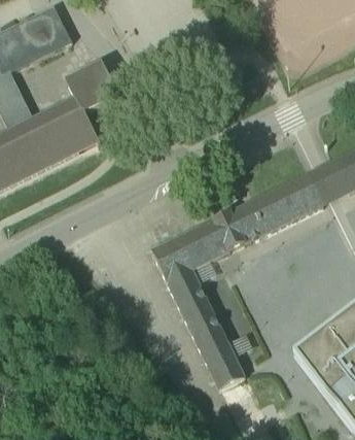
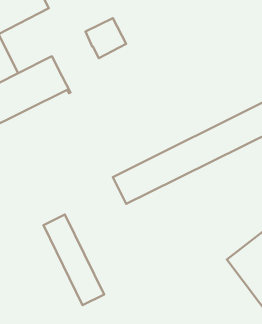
building: [67,65,117,114] -> [85,18,126,58]
building: [168,269,243,381] -> [43,214,104,305]

